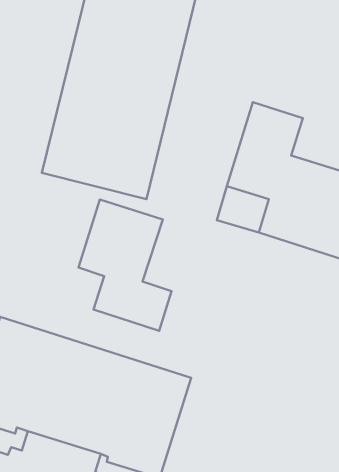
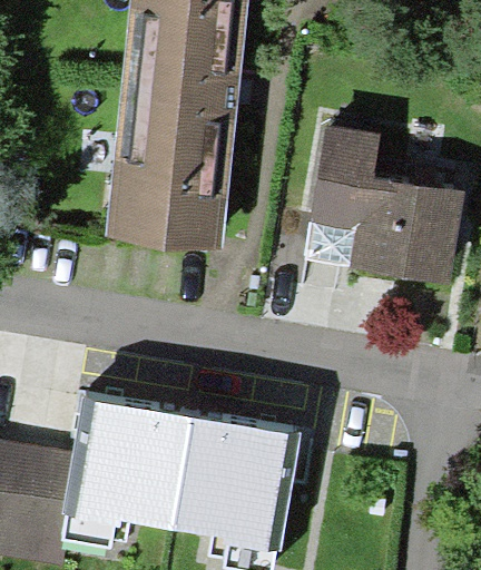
building: [79,200,172,331] -> none

